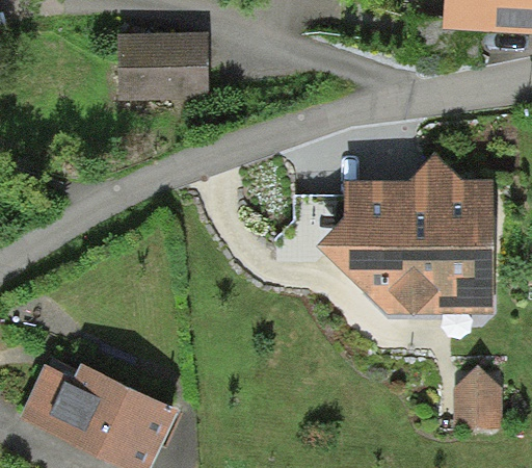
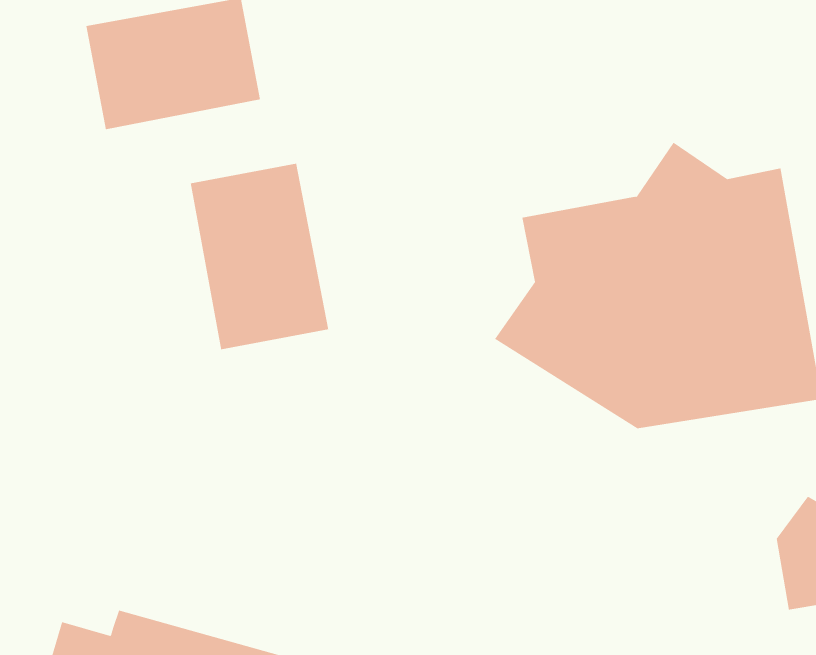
building: none -> [190,163,329,350]

